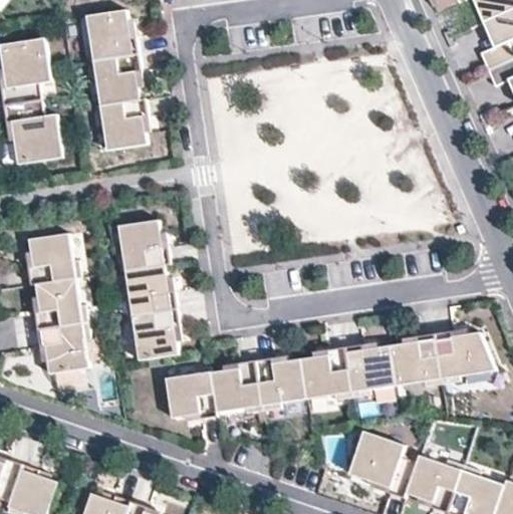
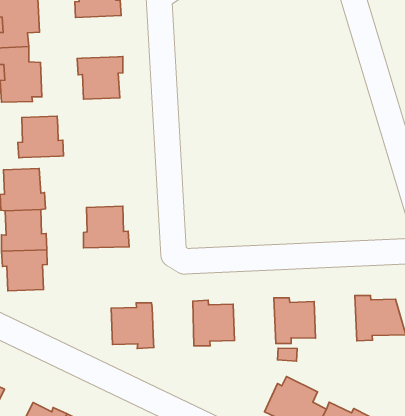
building: [88,53,141,105] -> none
building: [117,220,170,271] -> [18,116,64,158]
building: [126,308,179,359] -> none
building: [389,333,441,387] -> none
building: [299,346,351,400] -> none
building: [210,360,261,413] -> none

